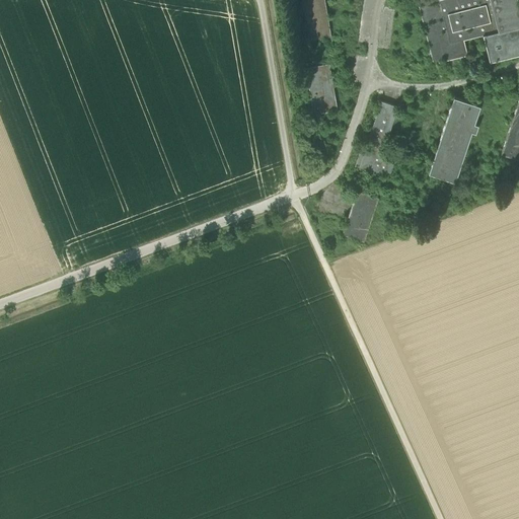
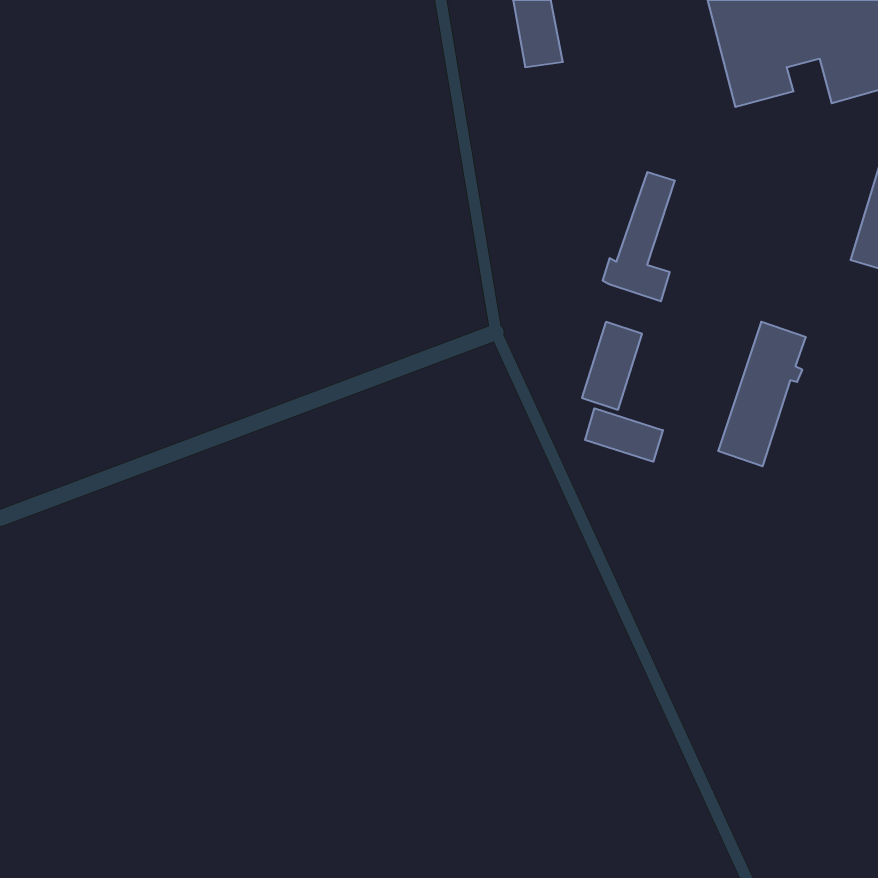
building: [306,64,339,115] -> none
building: [430,97,481,182] -> [718,322,806,466]
building: none -> [585,408,663,462]

